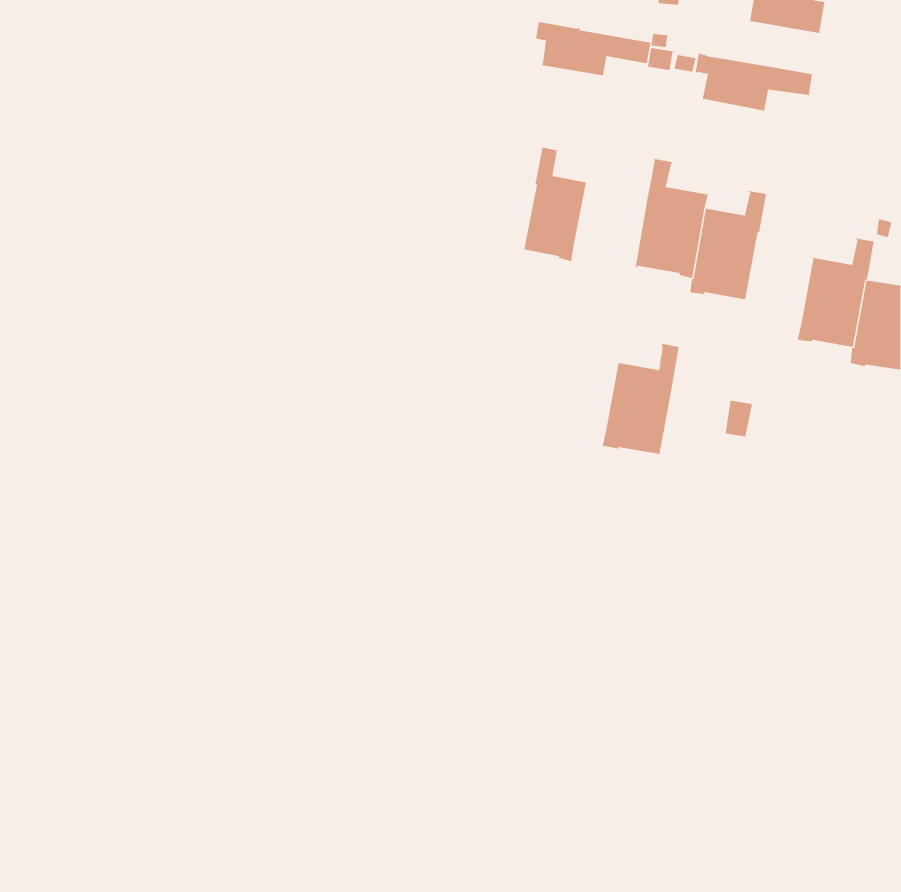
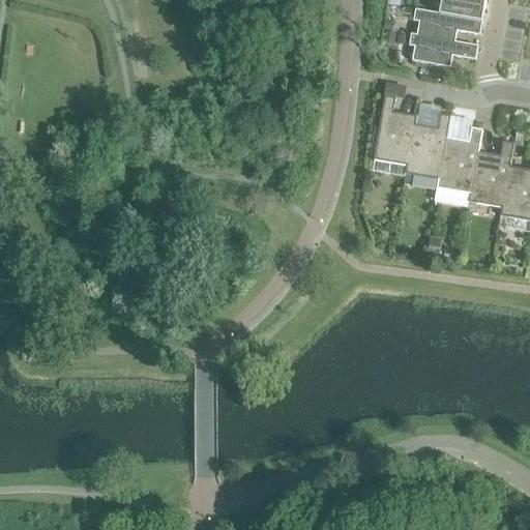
building: [535,21,651,76] -> [413,7,481,39]
building: [524,147,586,262] -> none
building: [602,343,680,454] -> [436,125,481,190]

